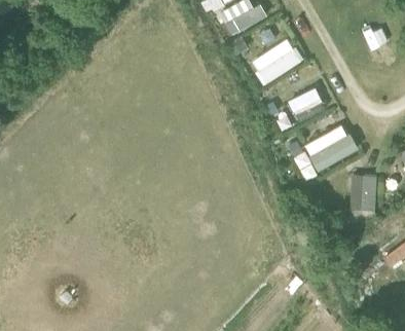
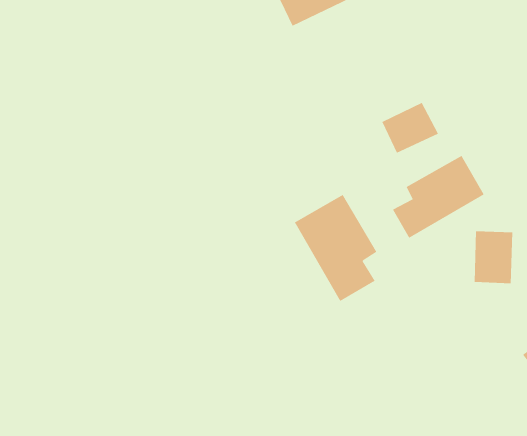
building: [250,39,301,84] -> none
building: none -> [294,194,377,302]

